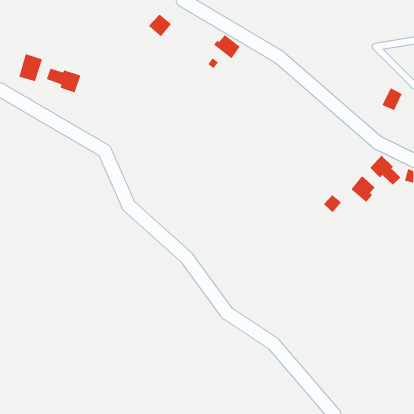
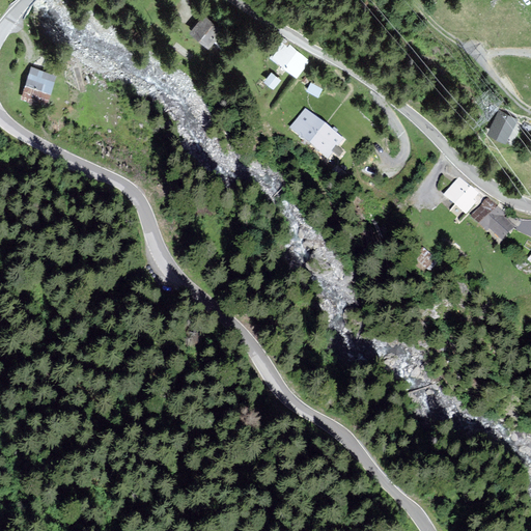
building: [46,68,81,93] -> none
building: none -> [292,110,341,155]
building: [350,175,376,203] -> [445,177,477,213]

